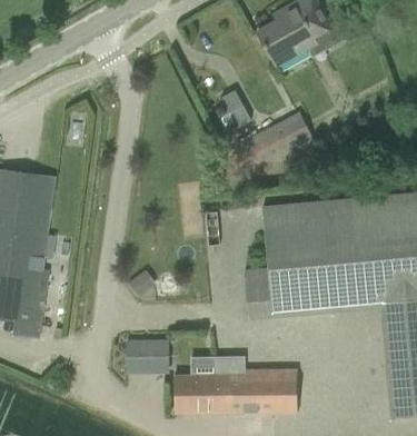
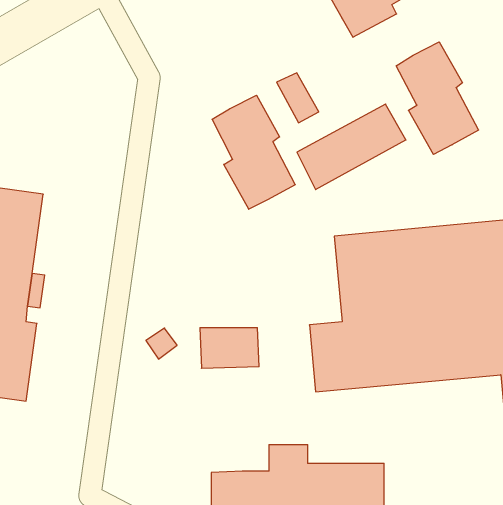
building: none -> [396,42,479,154]
building: none -> [212,95,295,209]
building: [127,339,169,368] -> [200,328,259,368]

